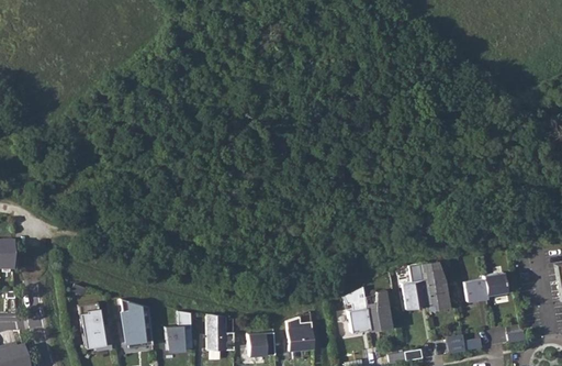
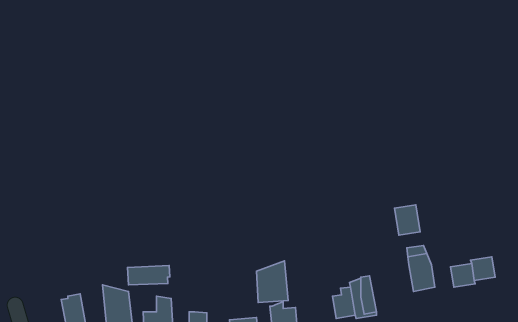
building: none -> [256,261,288,302]
building: [401,278,426,308] -> [394,205,420,235]
building: none -> [128,265,170,285]

